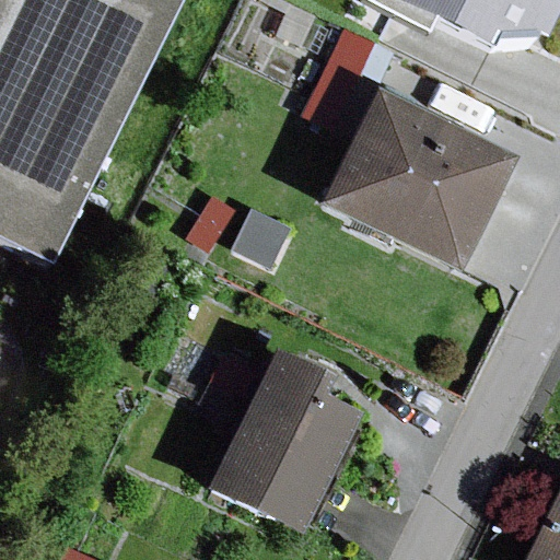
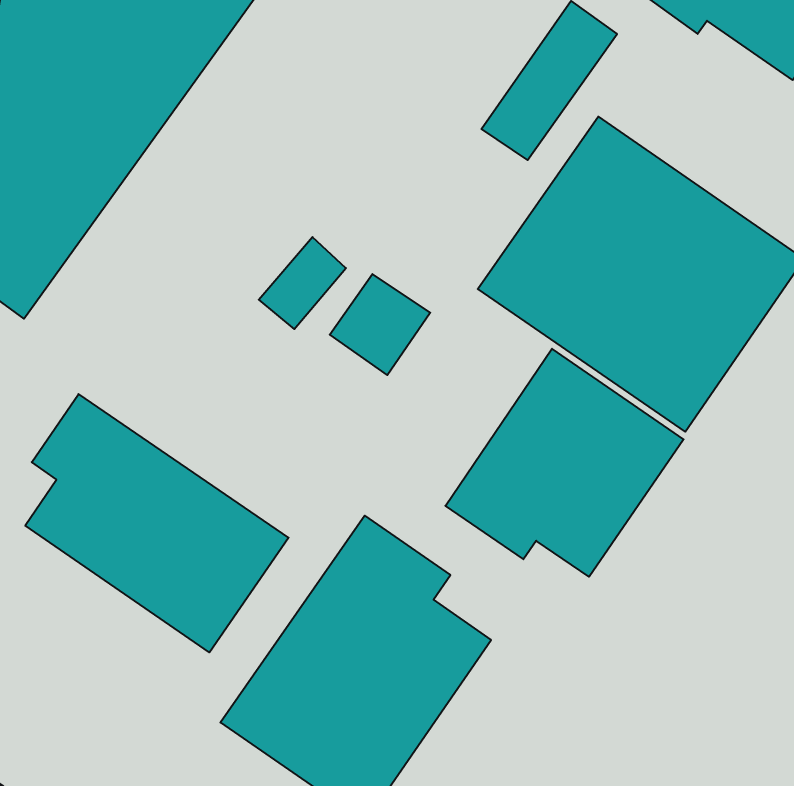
building: none -> [445,349,684,577]
building: none -> [25,394,289,652]

